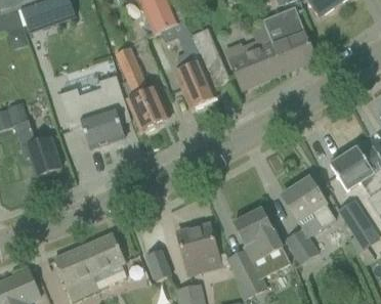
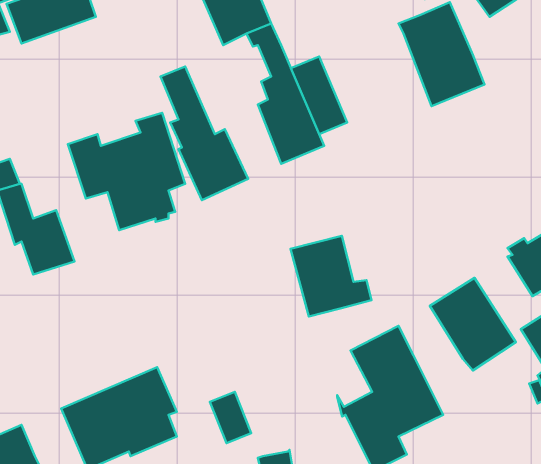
building: [227,26,283,88] -> none
building: [177,223,227,273] -> [291,236,372,317]
building: [286,227,319,262] -> none

